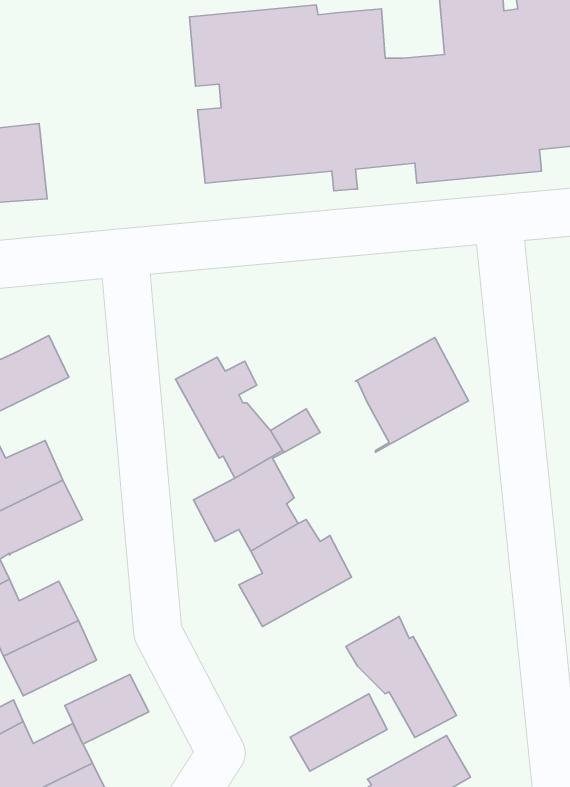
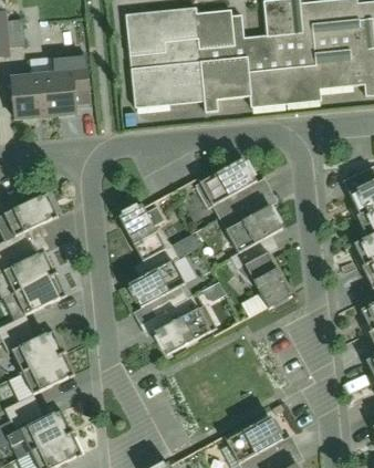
building: none -> [42,54,92,116]
building: none -> [195,158,263,218]
building: [346,617,457,737] -> [230,241,292,309]
building: [65,675,149,744] -> none
building: [290,694,387,771] -> none

